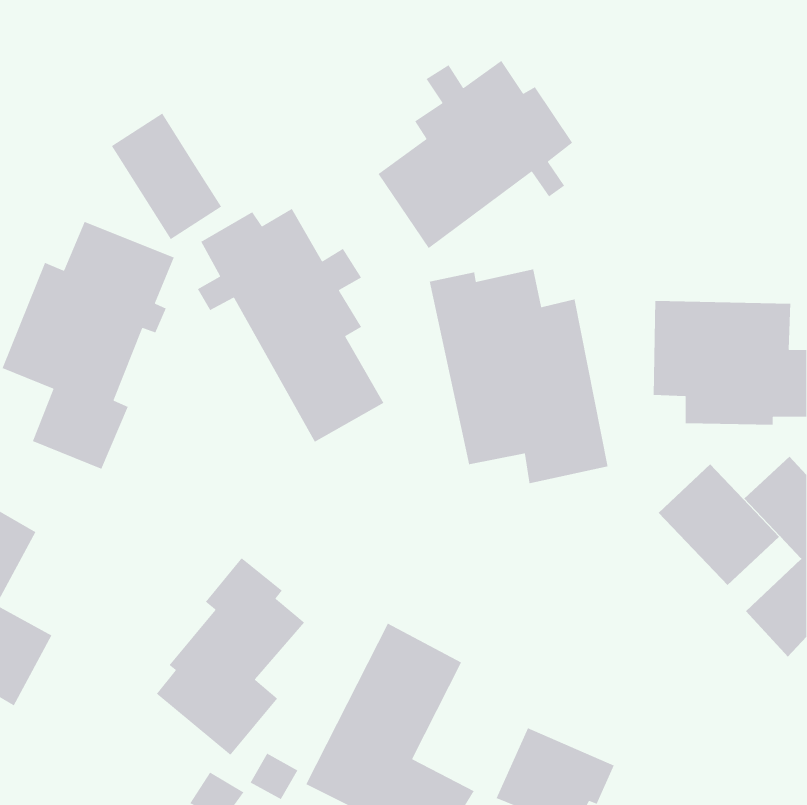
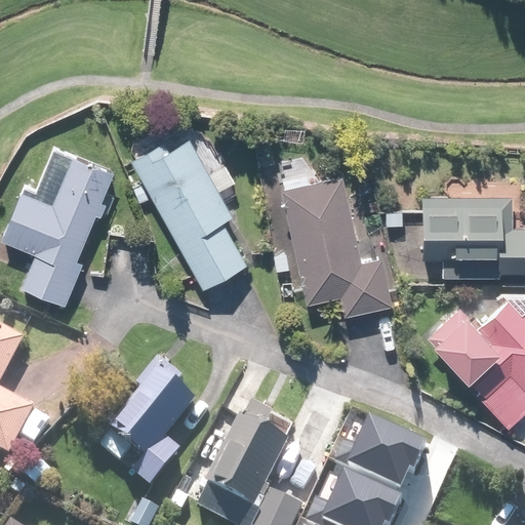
building: [377,60,573,249] -> none
building: [111,113,222,240] -> none
building: none -> [331,415,425,489]

